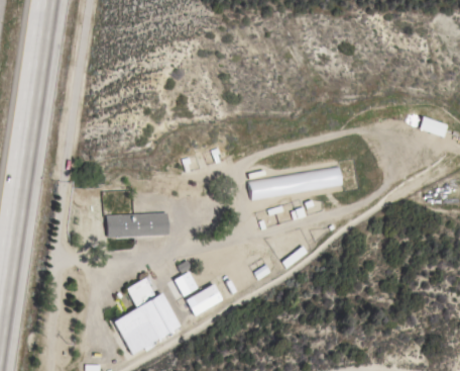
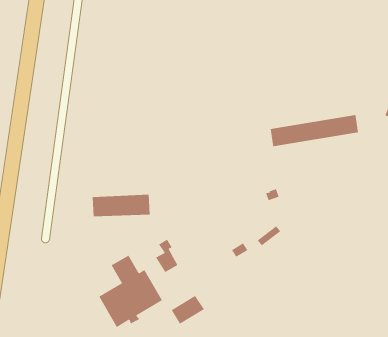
building: [248,166,343,200] -> [270,115,359,147]
building: [187,284,223,315] -> [171,295,205,324]

